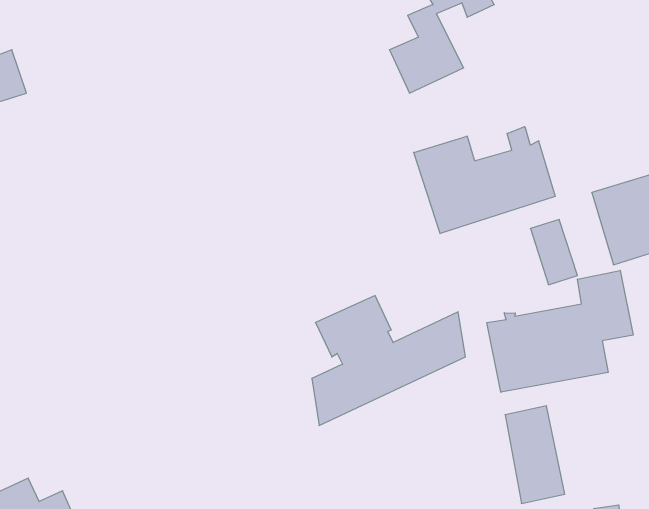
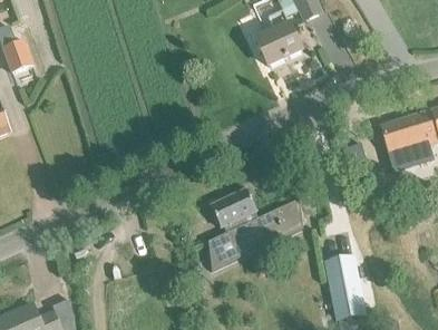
building: [414,127,555,234] -> none
building: [487,270,633,392] -> none

